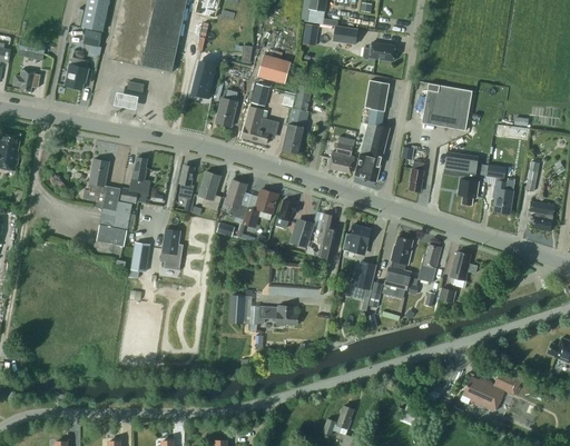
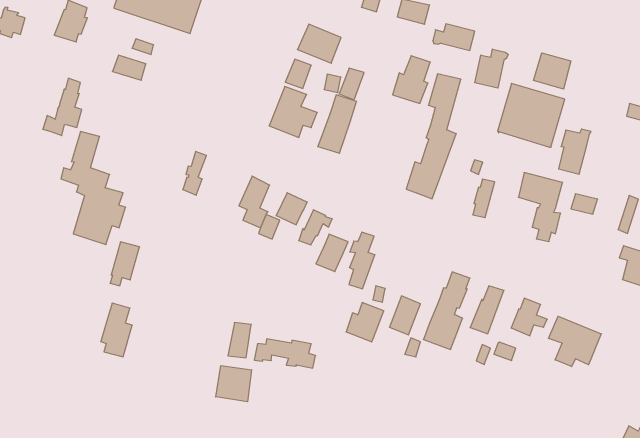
building: none -> [534,53,571,89]
building: none -> [475,49,508,88]
building: [190,60,217,99] -> none
building: [216,90,237,127] -> none
building: [328,137,355,174] -> [393,56,430,103]
building: [121,157,150,202] -> [43,78,82,136]
building: [198,171,222,210] -> none
building: [493,178,515,214] -> [559,129,591,174]
building: [343,225,371,255] -> [346,303,384,342]
building: [160,229,184,270] -> [101,303,132,357]
building: none -> [548,316,601,367]
building: none -> [216,366,252,402]

